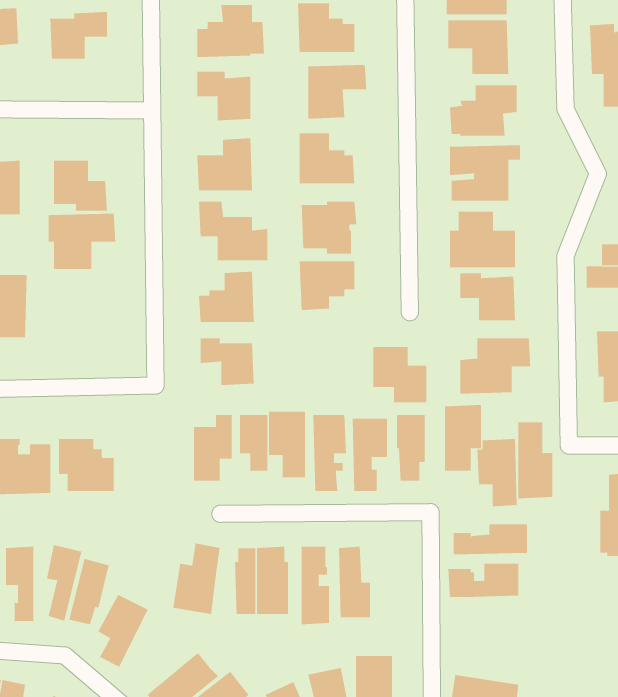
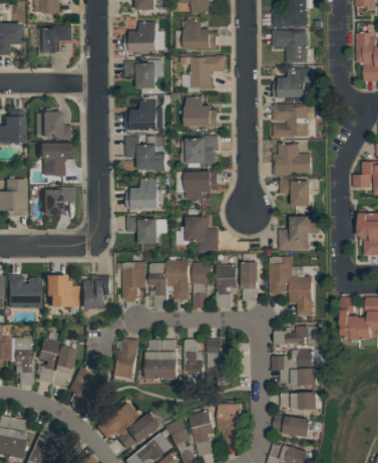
building: none -> [41,187,73,215]
building: [373,346,427,403] -> [186,217,219,250]
building: [517,422,553,499] -> [341,296,362,341]
building: none -> [80,275,110,309]
building: none -> [282,368,320,386]
building: none -> [283,393,320,410]

